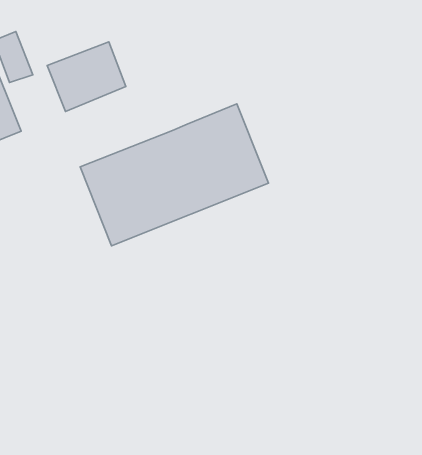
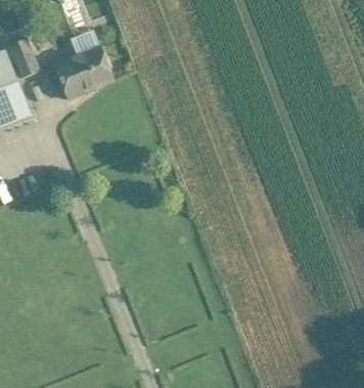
building: [80,104,268,246] -> none

